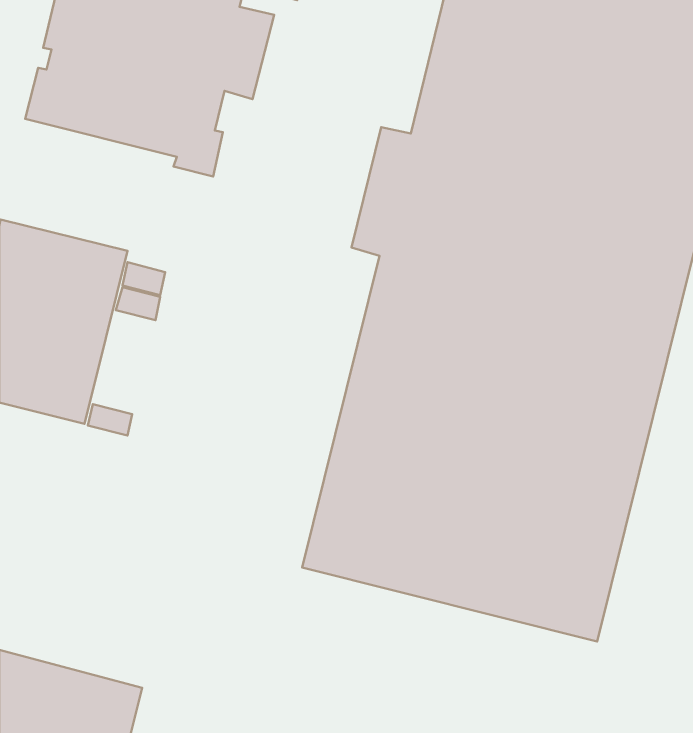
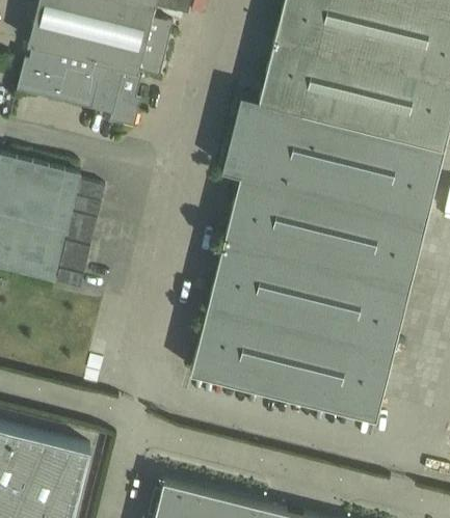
building: none -> [68,213,98,243]
building: none -> [60,242,90,272]

